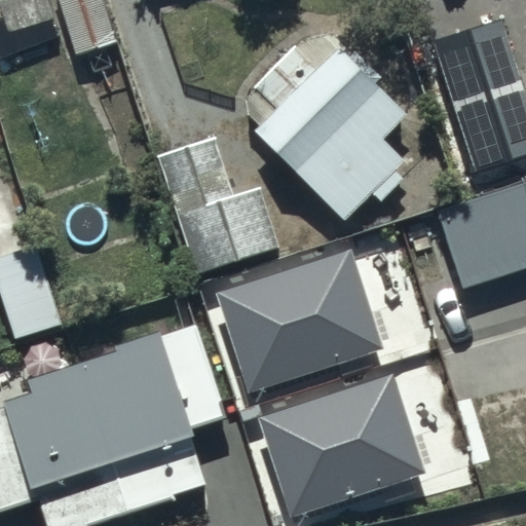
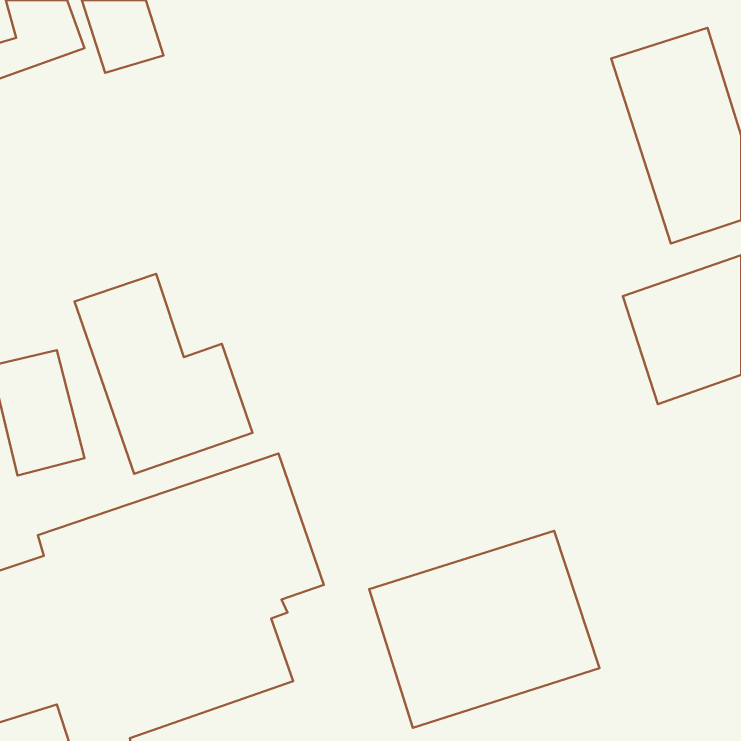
building: [255,43,408,219] -> none
building: [158,134,284,274] -> [74,274,252,474]
building: [215,246,380,390] -> none

